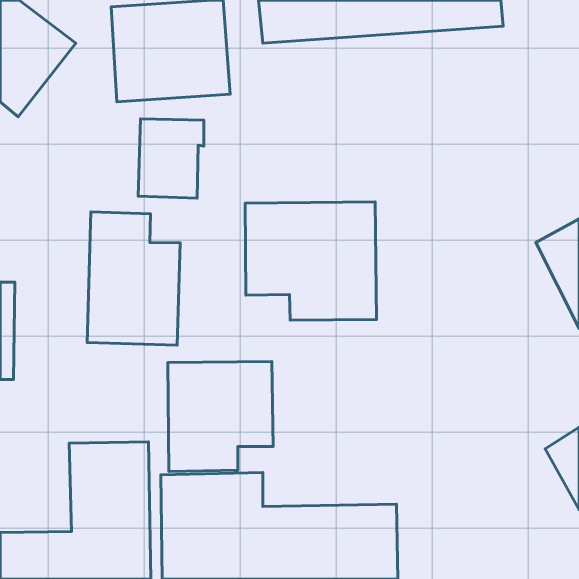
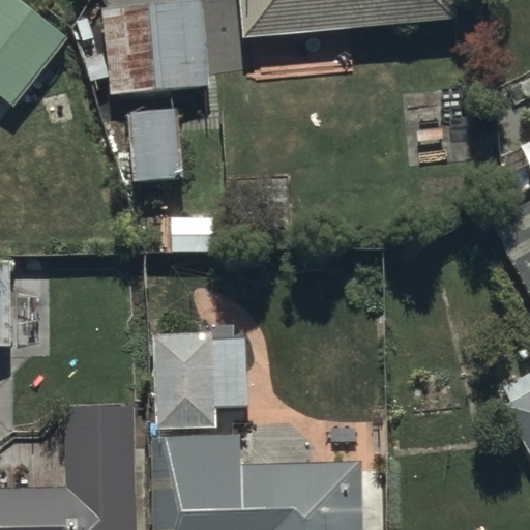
building: [245,202,377,320] -> none
building: [87,212,180,345] -> none

